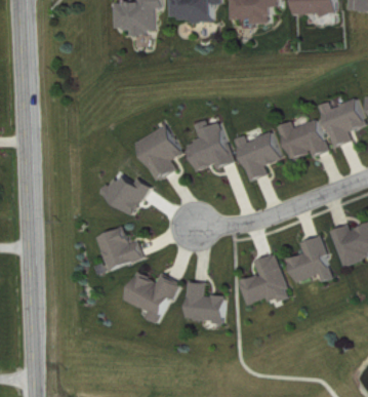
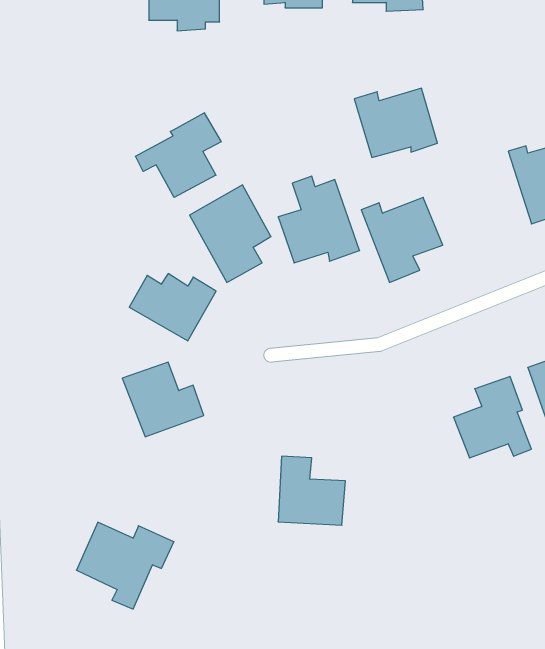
building: none -> [135,113,221,197]
building: [278,119,326,159] -> [354,88,437,157]
building: [238,253,289,304] -> none
building: [124,272,180,322] -> [76,522,174,609]

